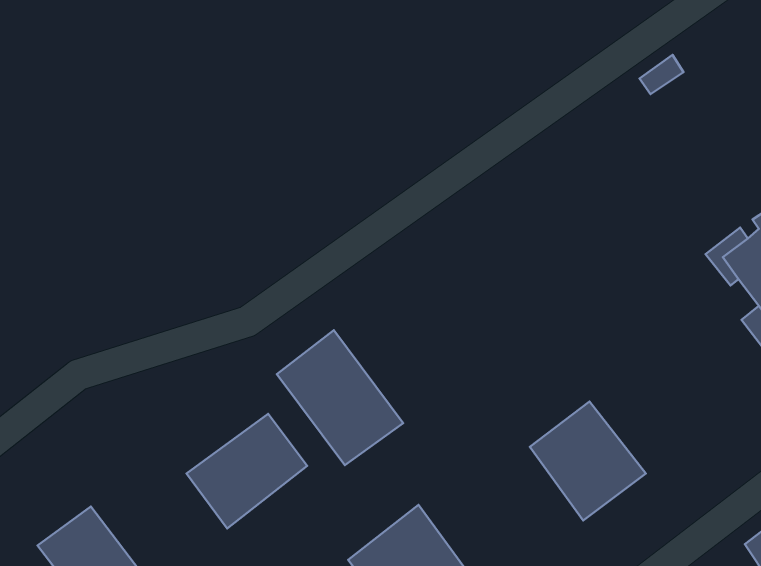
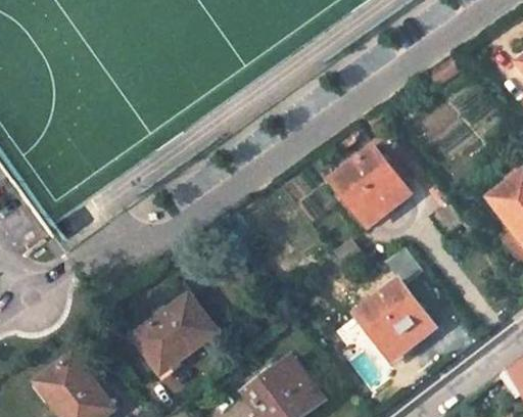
building: none -> [333,148,407,221]
building: [277,330,403,465] -> none

